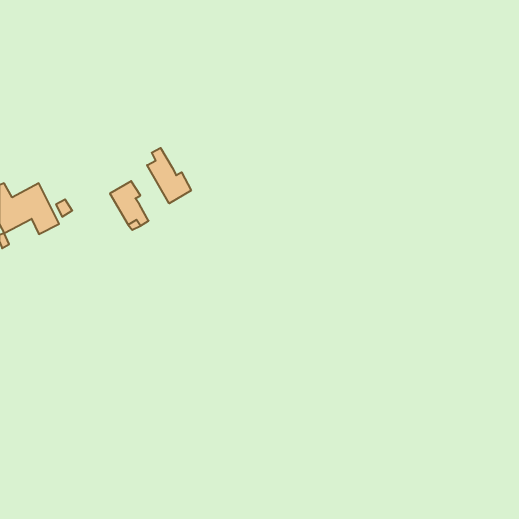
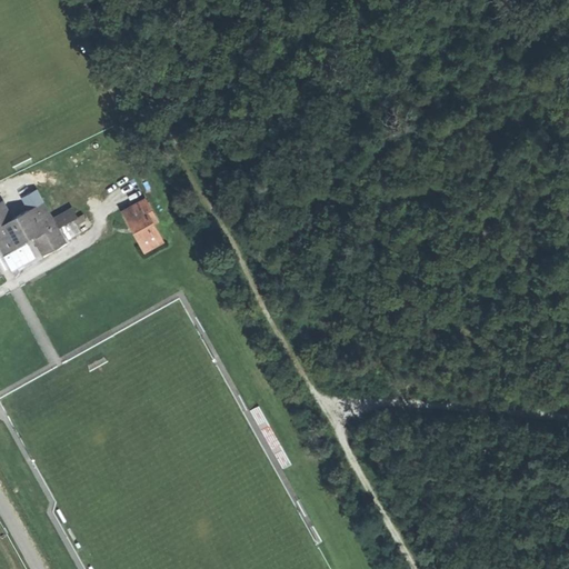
building: [147,148,191,203] -> none

